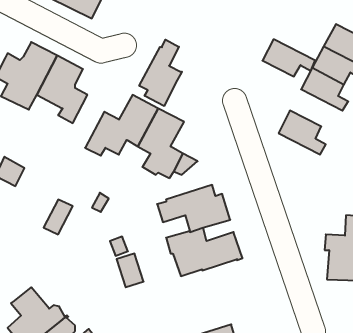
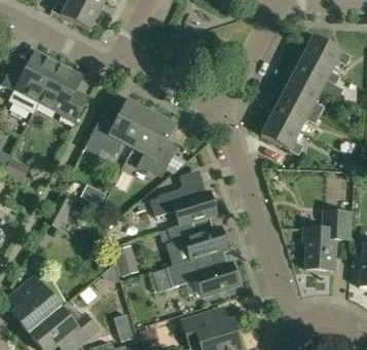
building: [262,39,315,76] -> [271,94,320,128]
building: [139,40,182,106] -> none
building: none -> [157,249,238,296]

